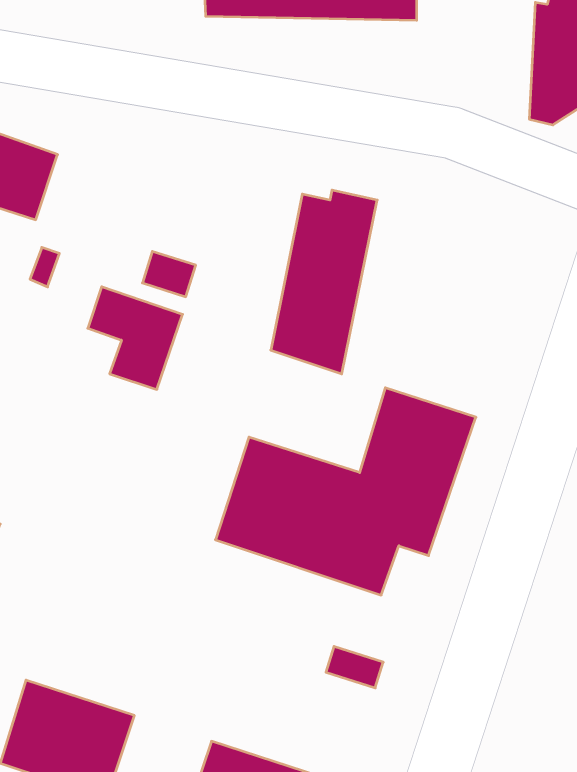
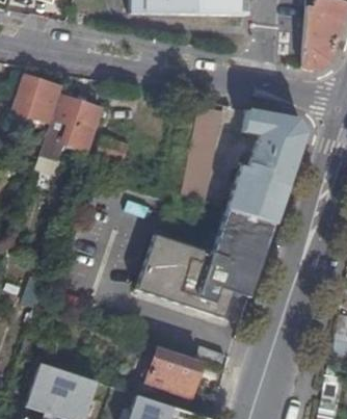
building: none -> [228,109,306,225]
building: [88,287,183,389] -> [52,96,102,150]
building: none -> [146,347,202,397]

